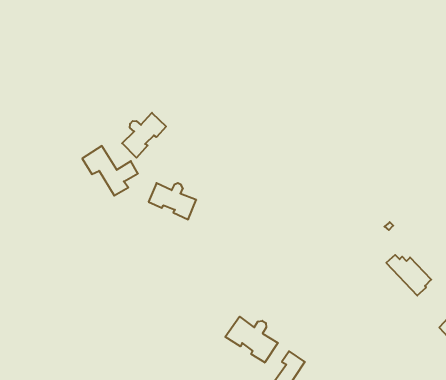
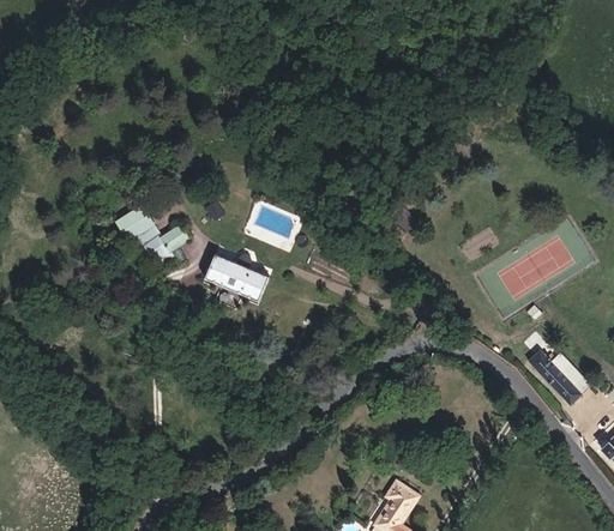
building: [122,113,166,158] -> none
building: [225,317,278,363] -> none

